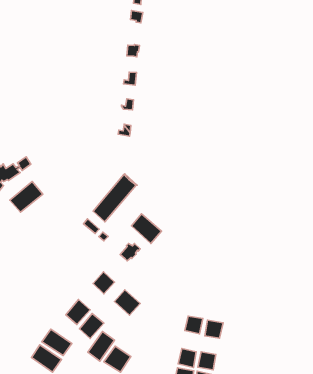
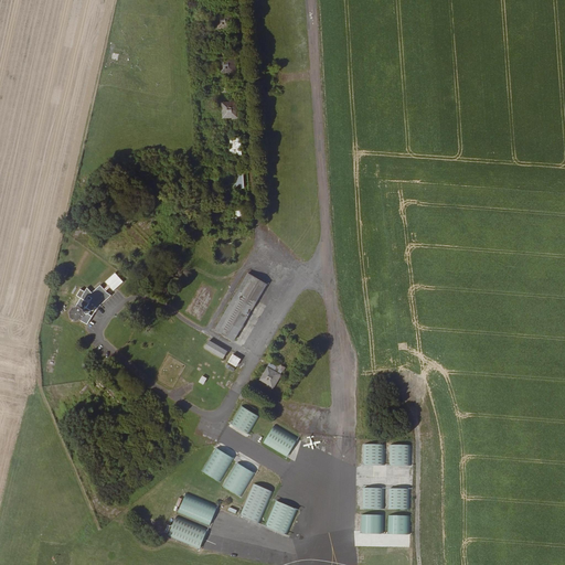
building: [10,182,43,212] -> none
building: [132,214,161,244] -> none

